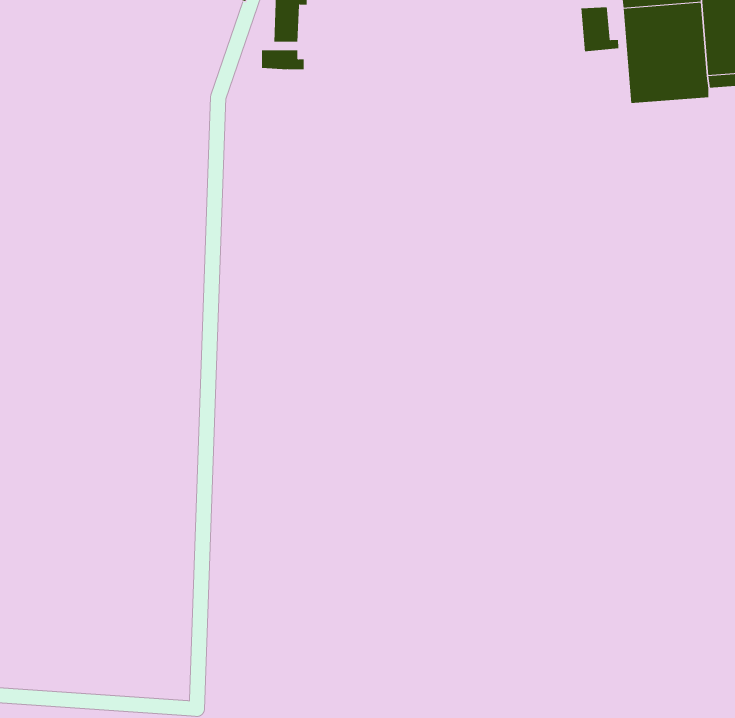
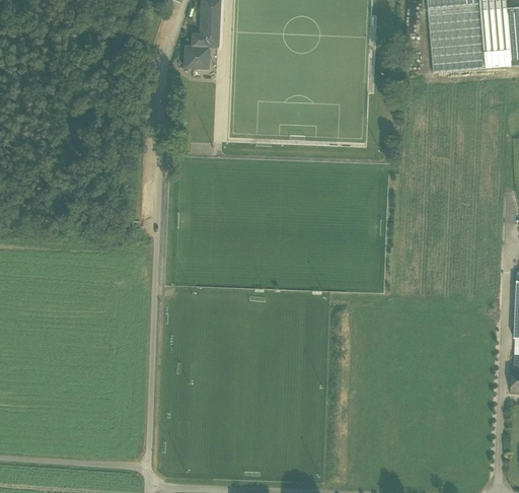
building: [581,6,619,52] -> none
building: none -> [184,47,208,68]

